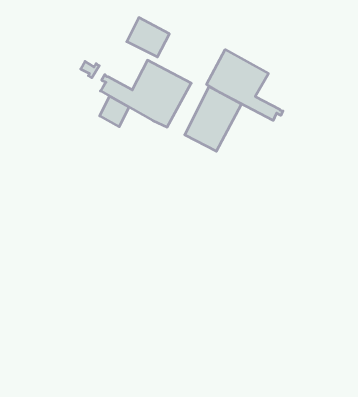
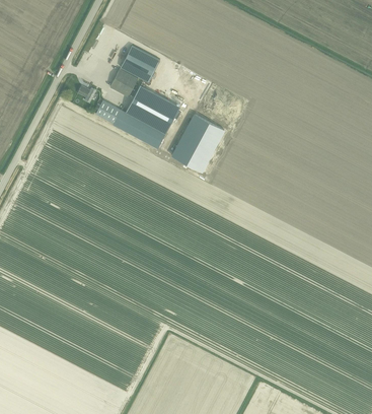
building: [207,50,283,120] -> none
building: [100,96,129,127] -> [109,69,137,97]

